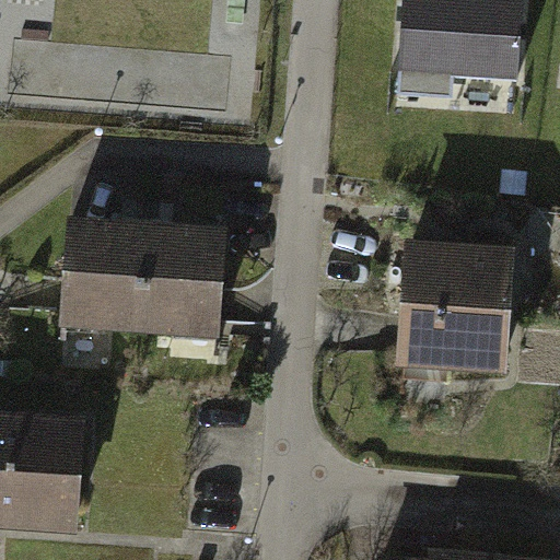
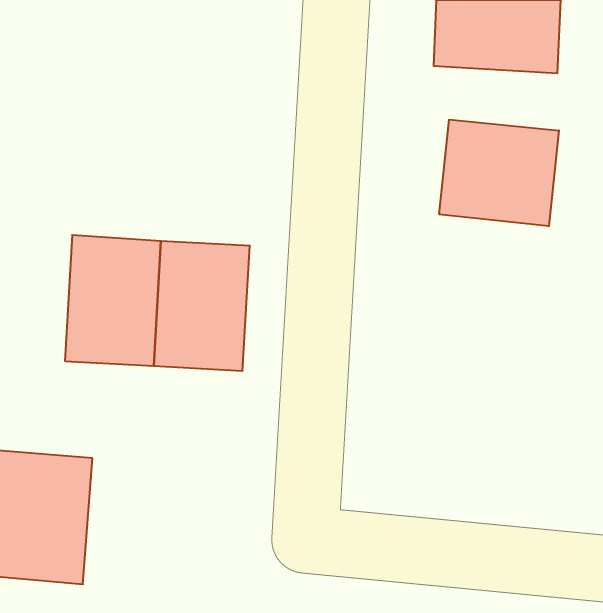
building: none -> [439,120,559,226]
building: [394,244,518,381] -> none

